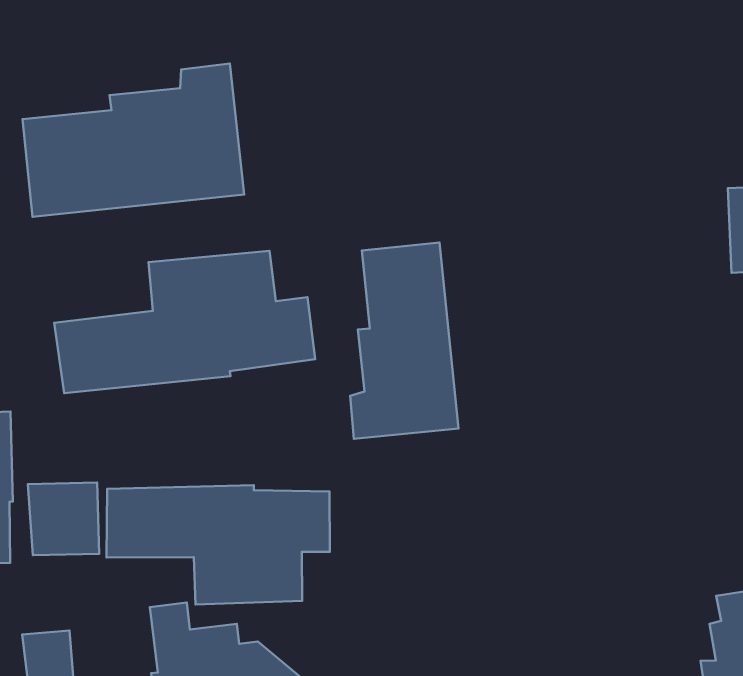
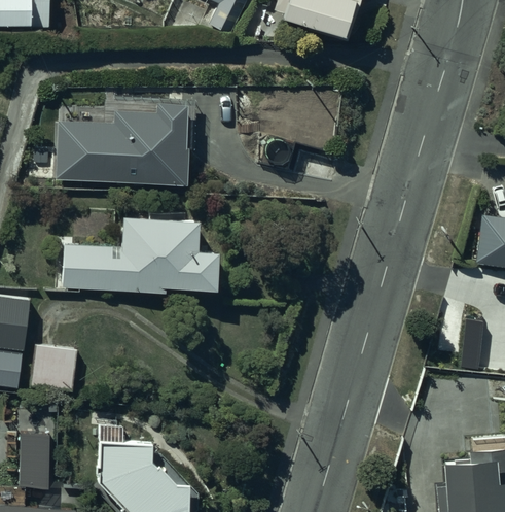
building: [350,242,458,439] -> none
building: [106,485,330,605] -> none

